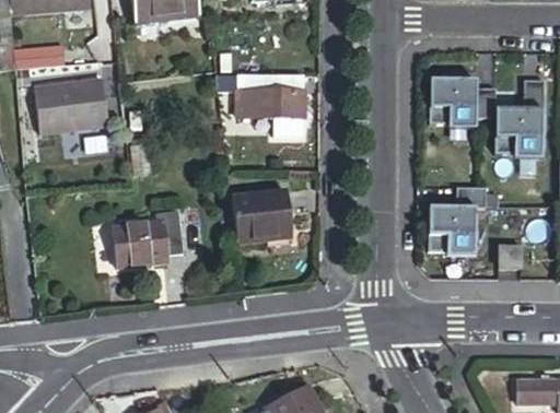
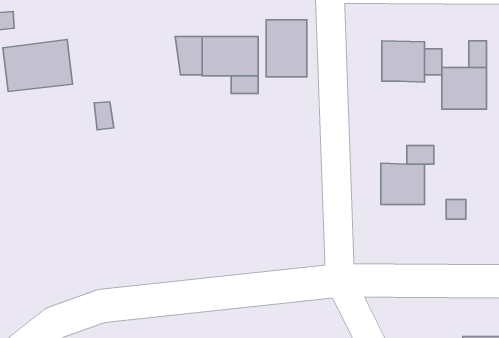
building: none -> [266,20,307,77]
building: [232,189,293,241] -> none
building: [112,209,182,266] -> none

